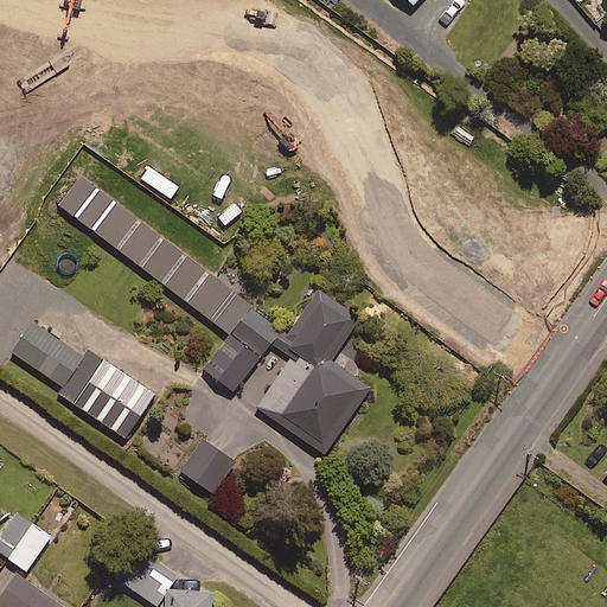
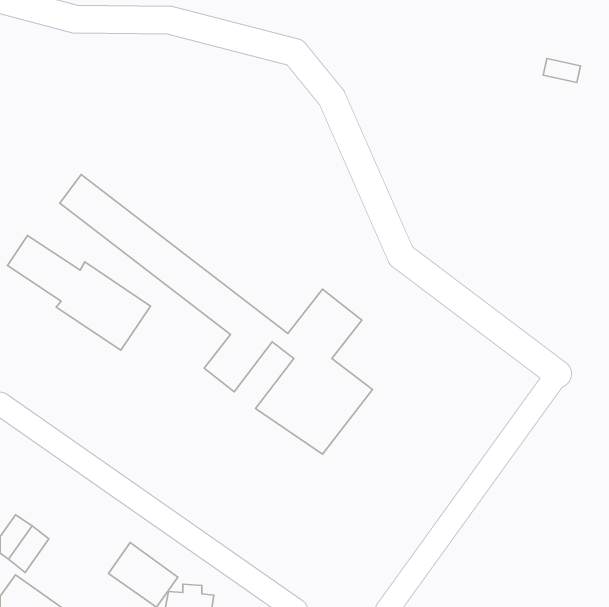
building: [12,324,154,437] -> [7,236,151,350]
building: [181,440,236,493] -> none

